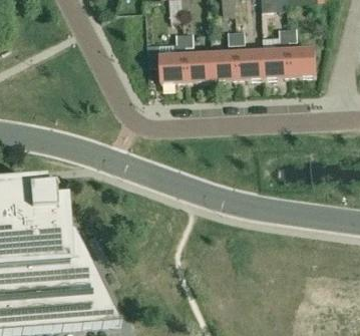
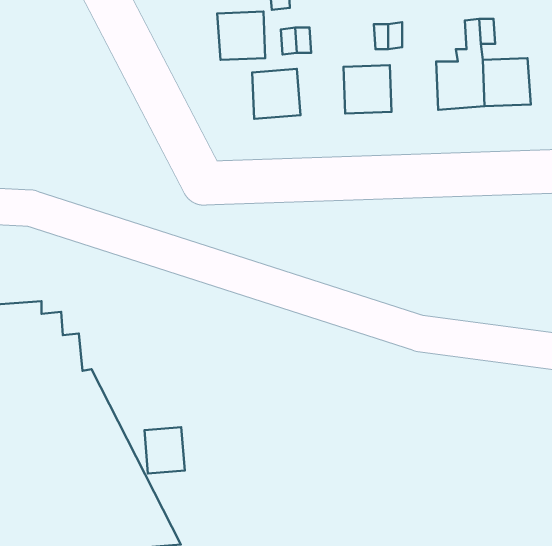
building: [238,49,265,77] -> none
building: [186,52,213,79] -> [217,12,265,60]
building: none -> [144,427,185,473]

